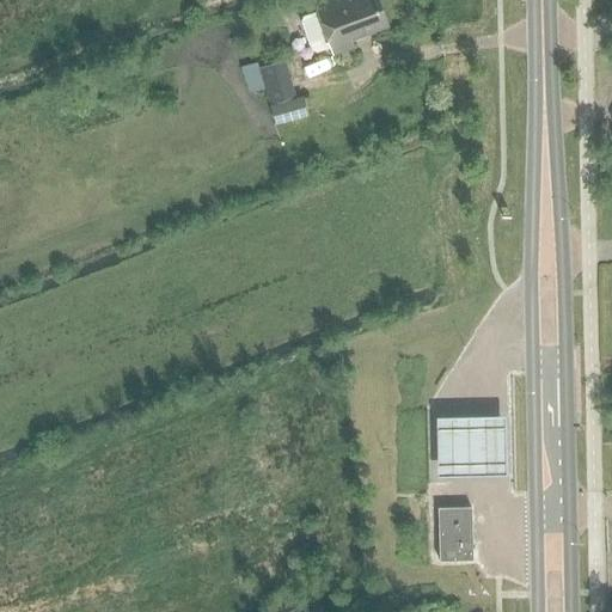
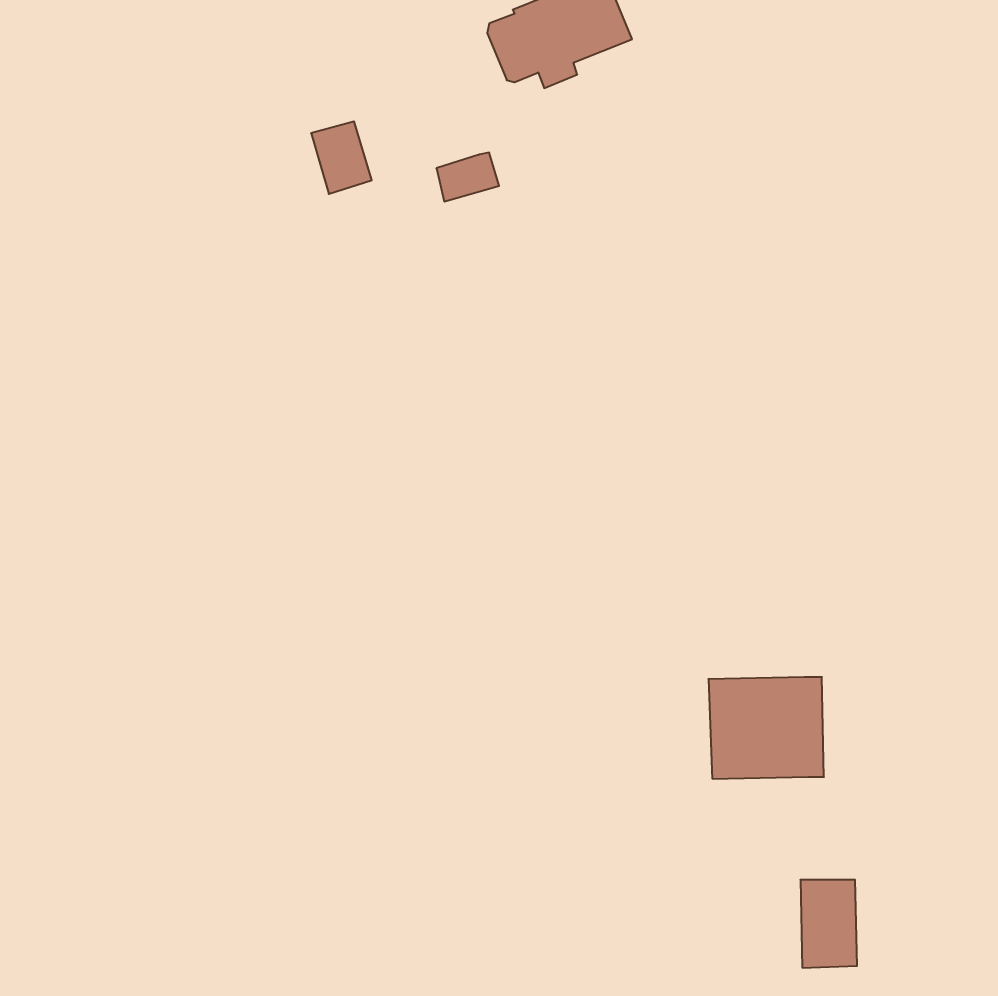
building: [257,59,294,103] -> [311,121,372,194]
building: [439,507,473,561] -> [800,880,857,968]

